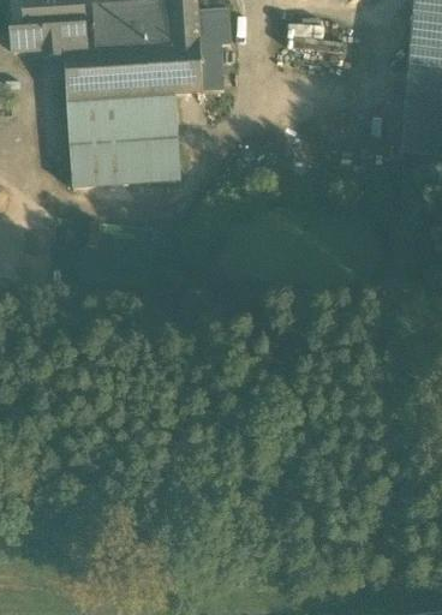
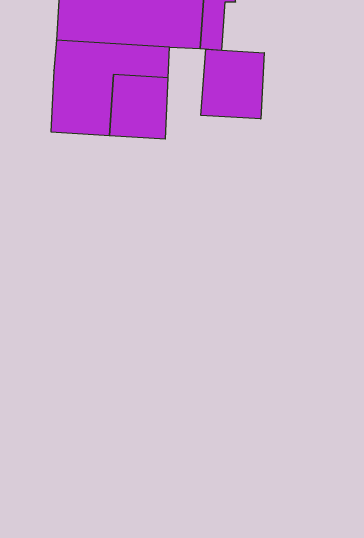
building: none -> [201,49,264,119]

